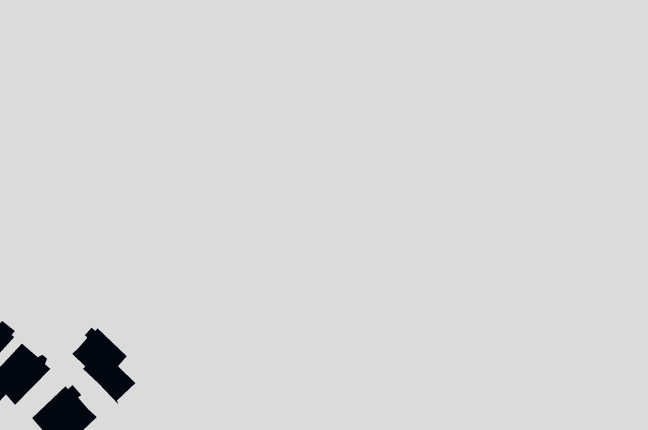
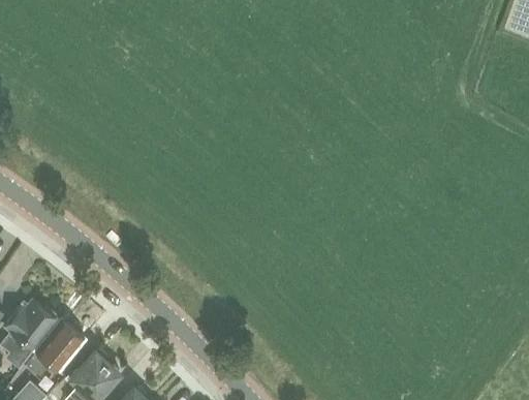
building: [71,327,136,404] -> none

